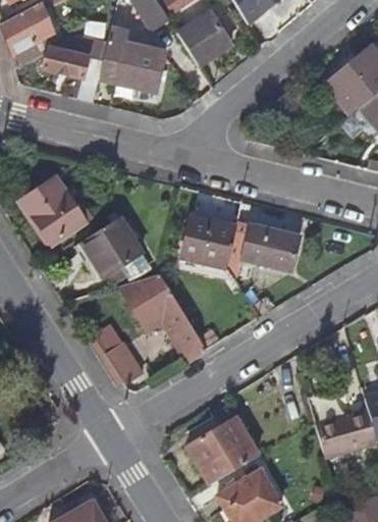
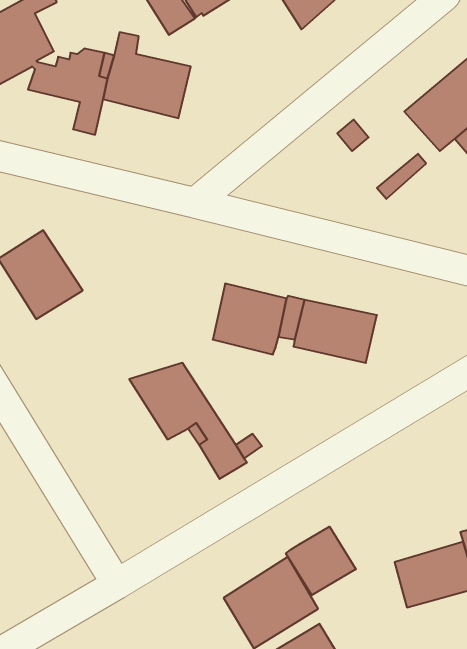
building: [178,13,232,66] -> none
building: [82,209,148,283] -> none
building: [87,322,144,383] -> none
building: none -> [286,527,356,595]

